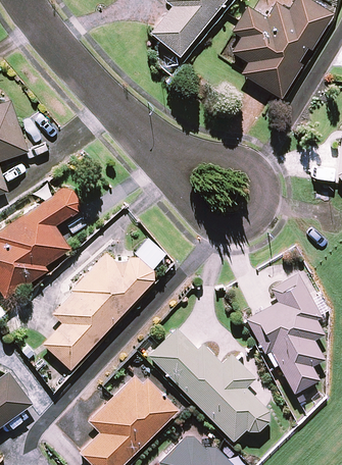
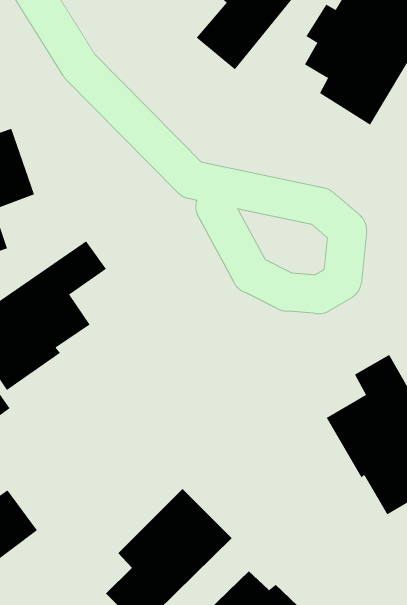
building: [45,252,158,370] -> none
building: [151,329,273,441] -> none

